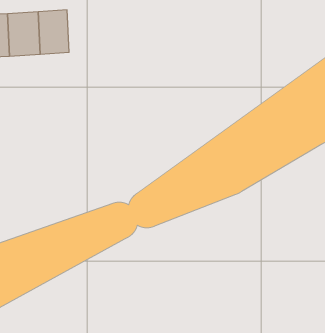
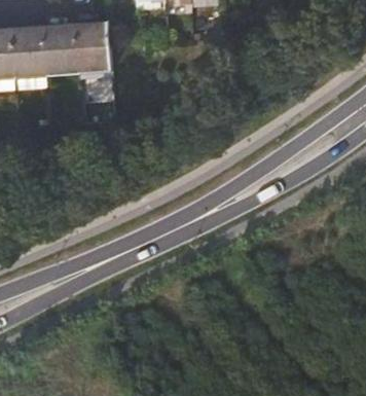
building: none -> [74,25,109,71]

